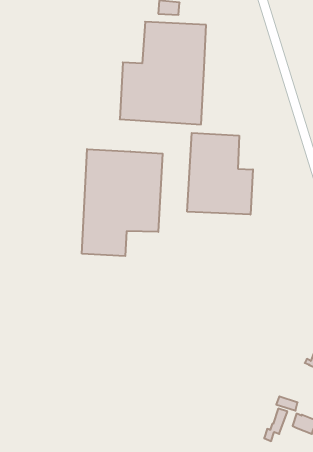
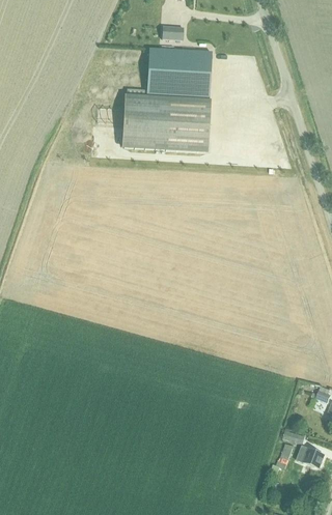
building: [187,133,253,215] -> none
building: [82,149,163,256] -> none

